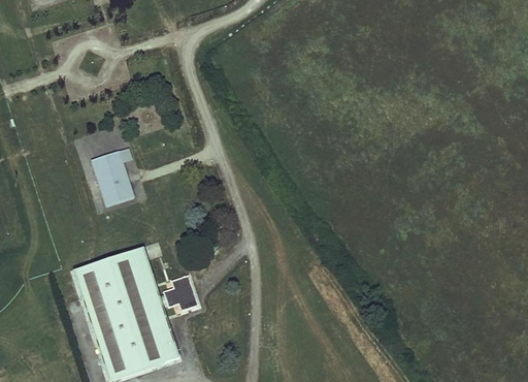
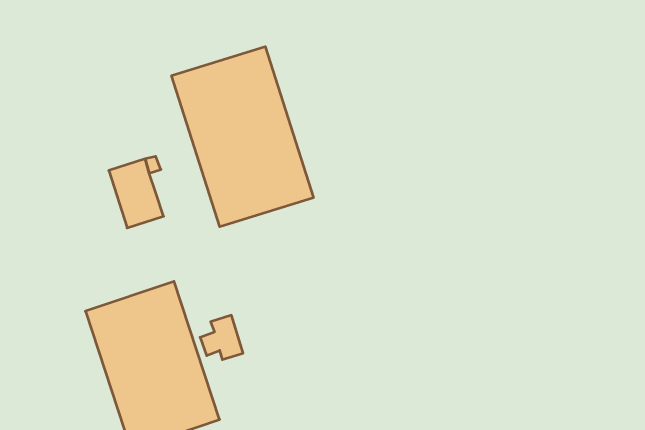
building: none -> [172,47,313,227]

